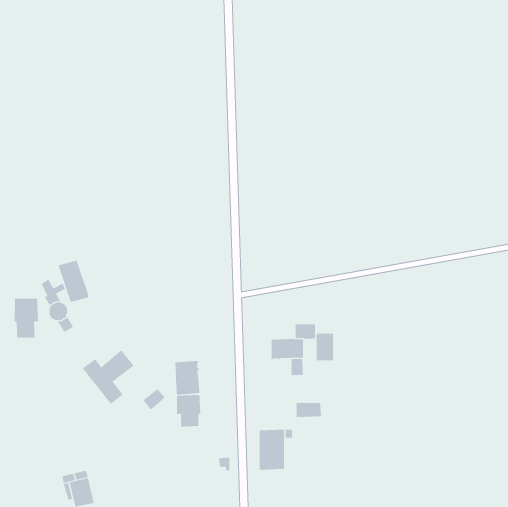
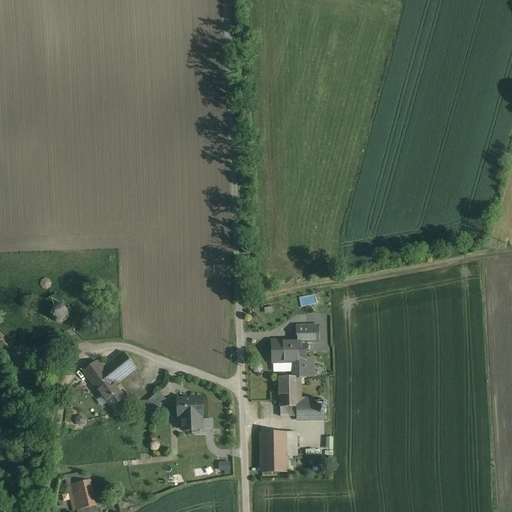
building: [58,260,90,303] -> none
building: [14,298,38,339] -> none
building: [316,333,334,361] -> [279,377,297,405]
building: [175,360,200,395] -> none

